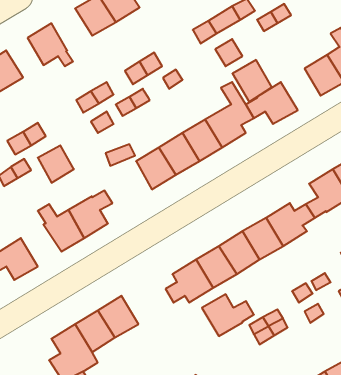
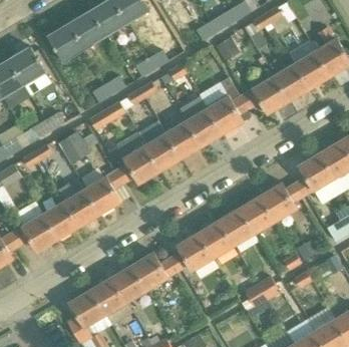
building: none -> [70,10,106,47]
building: [232,60,272,102] -> [274,63,309,100]
building: none -> [117,145,159,183]
building: none -> [43,202,79,239]
building: [202,294,254,336] -> [132,253,179,290]

